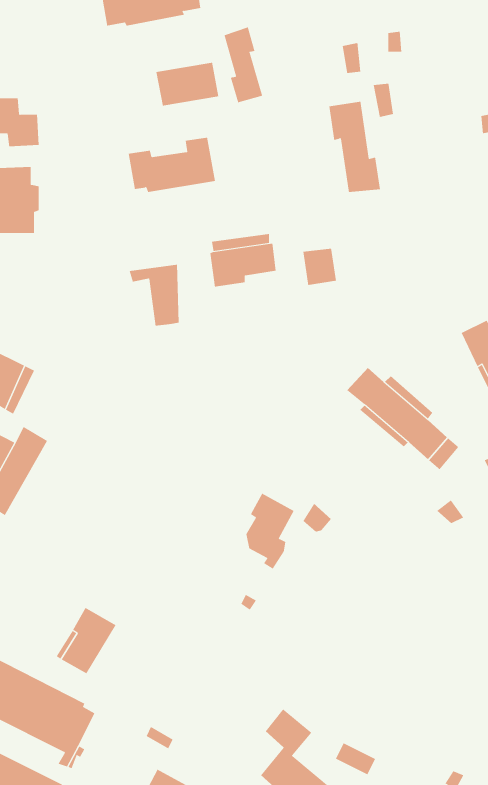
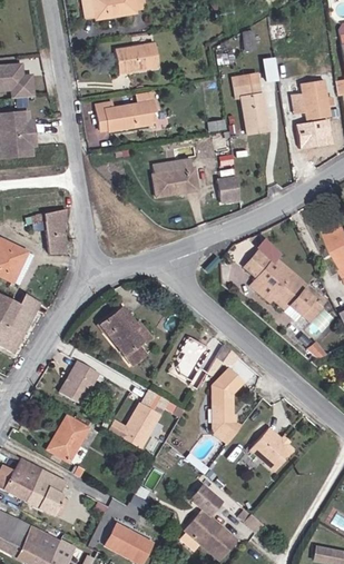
building: [224,26,263,103] -> none
building: none -> [291,80,335,150]
building: [129,264,179,326] -> [30,211,65,254]
building: none -> [99,307,150,364]
building: none -> [57,360,96,404]
building: none -> [209,366,242,442]
building: none -> [106,390,167,448]
building: none -> [248,427,292,471]

